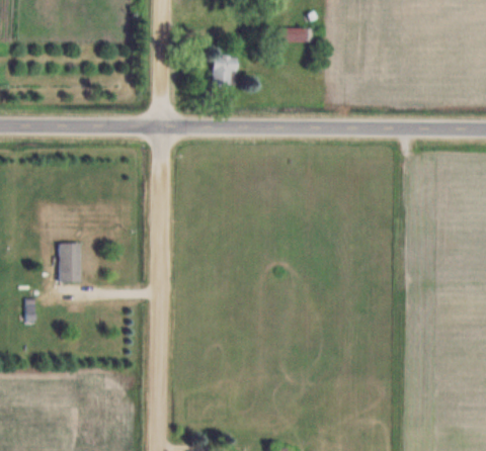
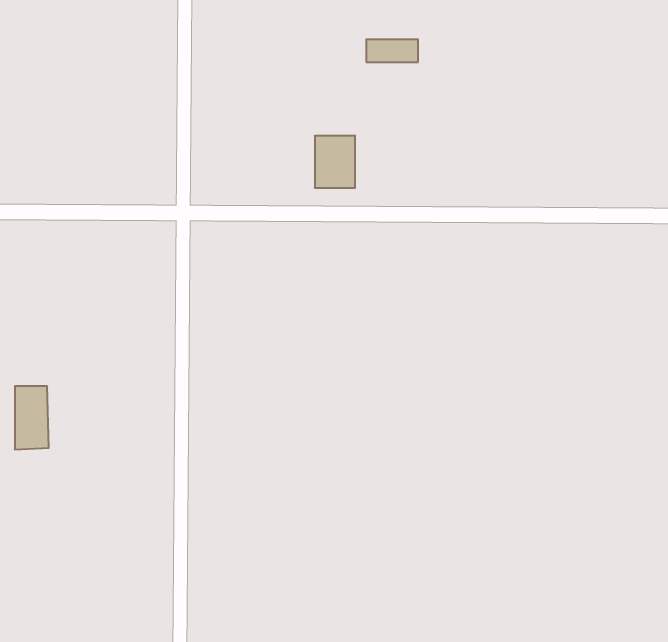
building: [212,55,237,87] -> [315,136,355,188]

